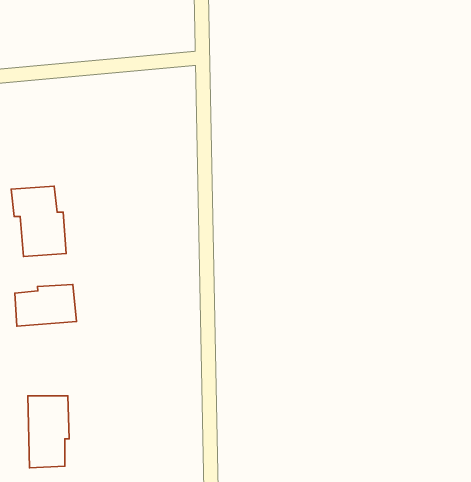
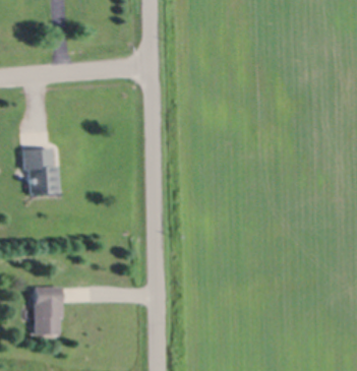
building: [15,285,76,326] -> none

